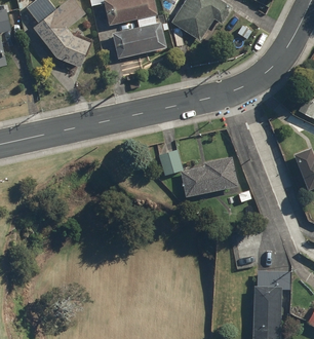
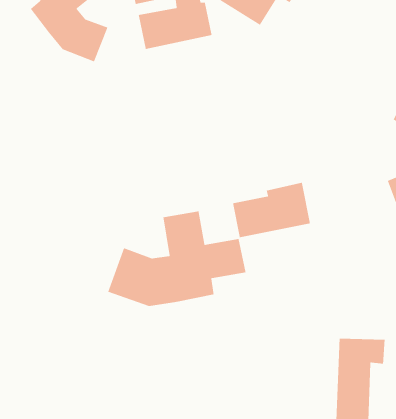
building: [158,149,182,174] -> none
building: none -> [107,211,246,307]

